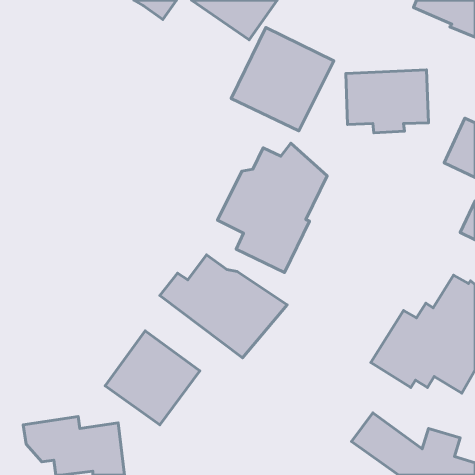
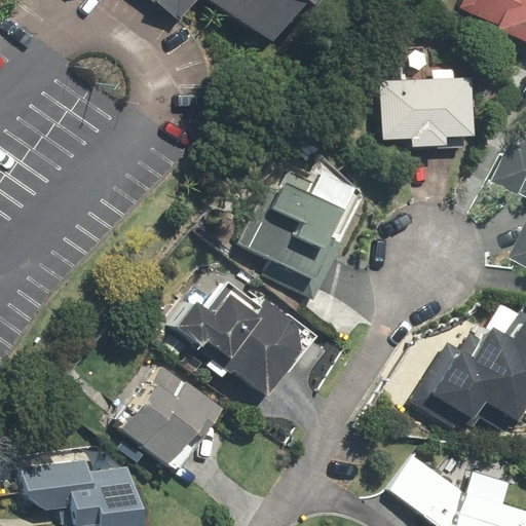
building: [231,28,334,131] -> none

